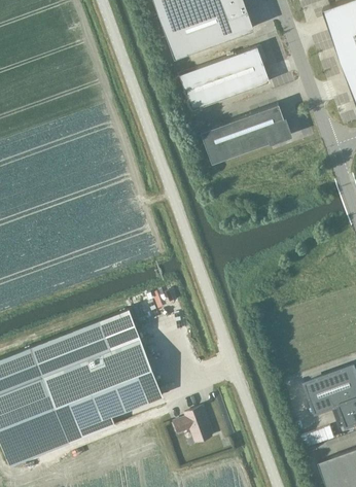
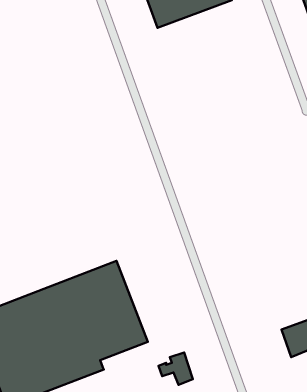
building: [178,47,269,111] -> none
building: [200,105,289,165] -> none

